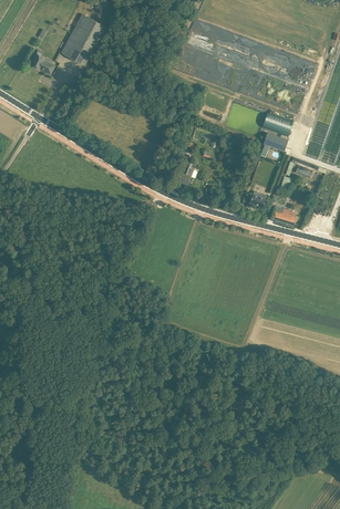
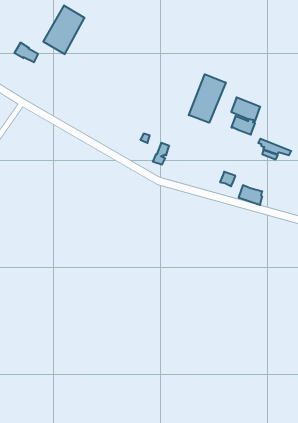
building: none -> [189,74,226,123]

